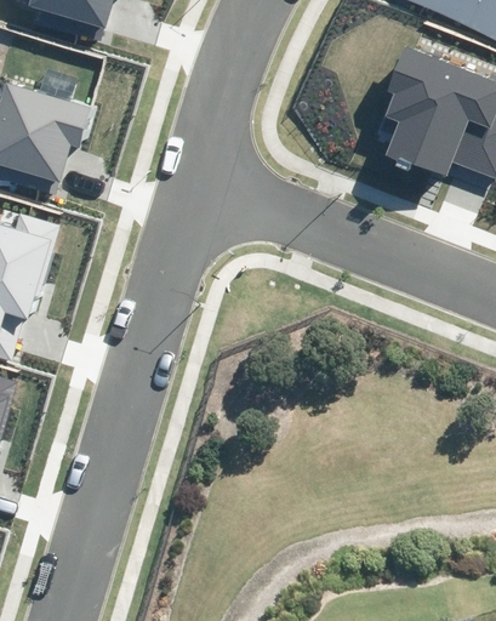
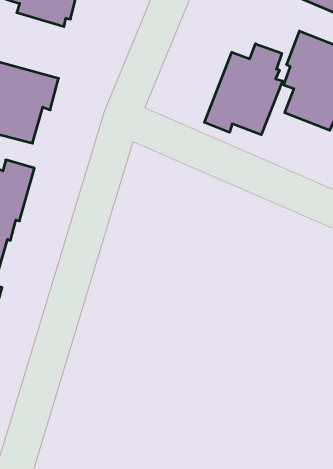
building: none -> [204,44,283,135]

